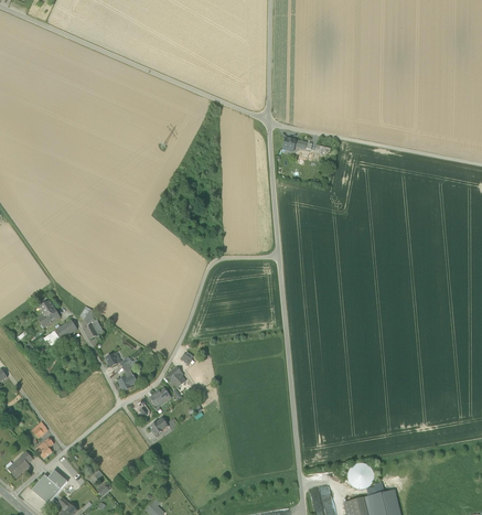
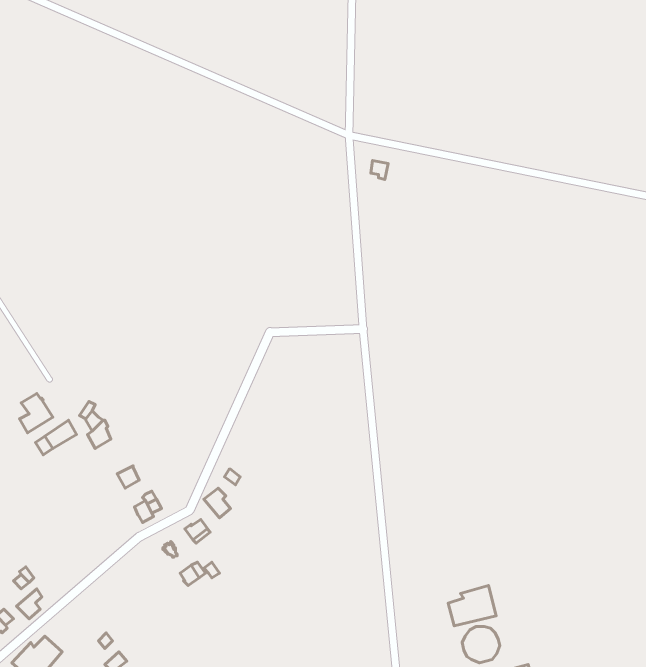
building: none -> [448,585,496,626]

